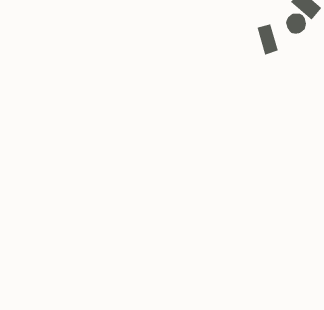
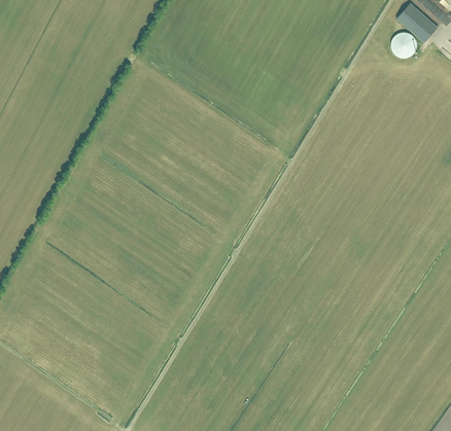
building: [257,23,279,55] -> none

